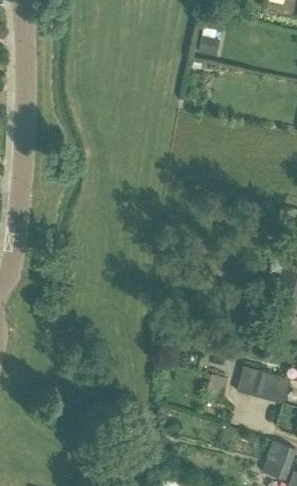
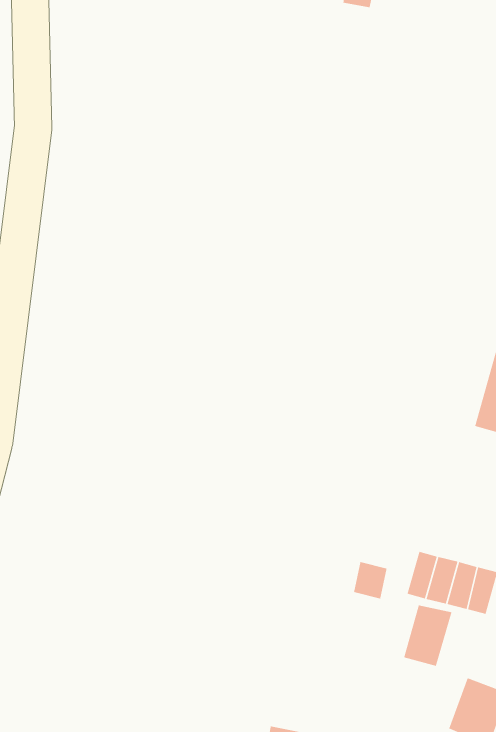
building: none -> [403,604,452,667]

